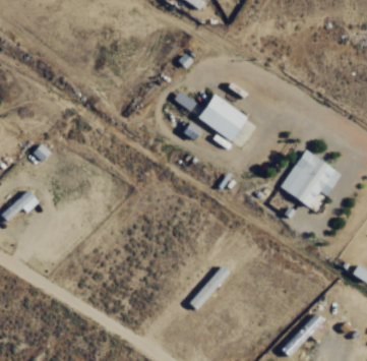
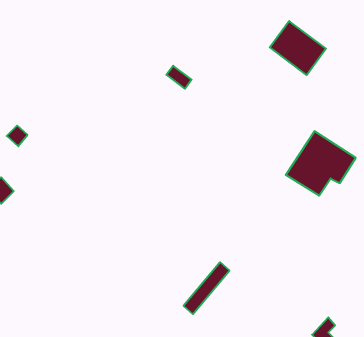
building: [197,94,247,141] -> [270,21,326,75]

